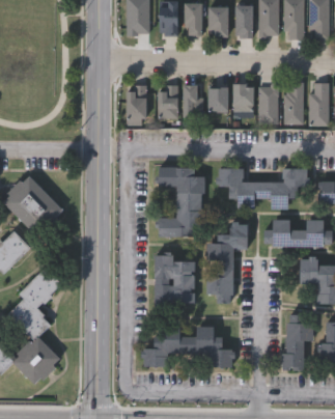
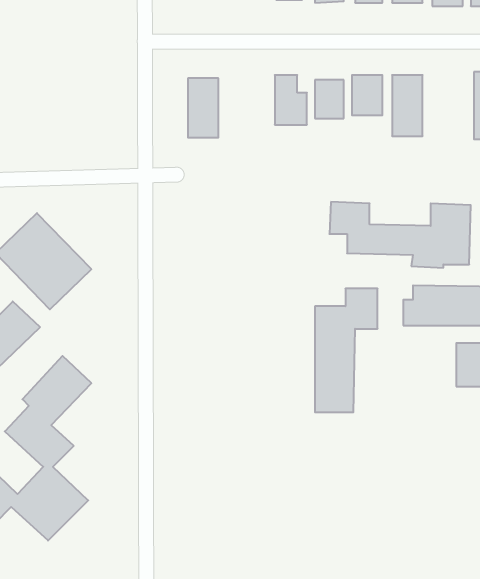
building: [284,82,302,123] -> none
building: [157,85,177,118] -> none
building: [158,166,202,236] -> none
building: [155,254,195,303] -> none
building: [284,314,309,370] -> none
building: [142,327,233,367] -> none

